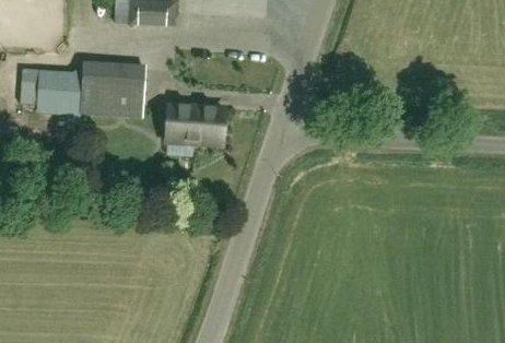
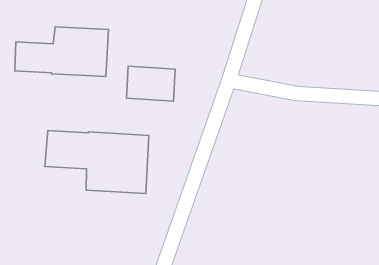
building: none -> [45,130,149,194]

